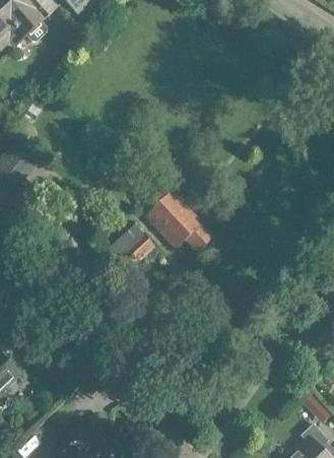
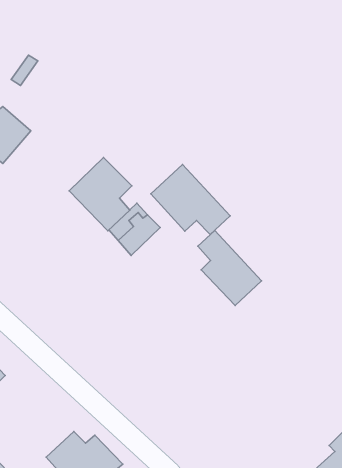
building: none -> [69,158,132,231]
building: none -> [198,231,261,305]

